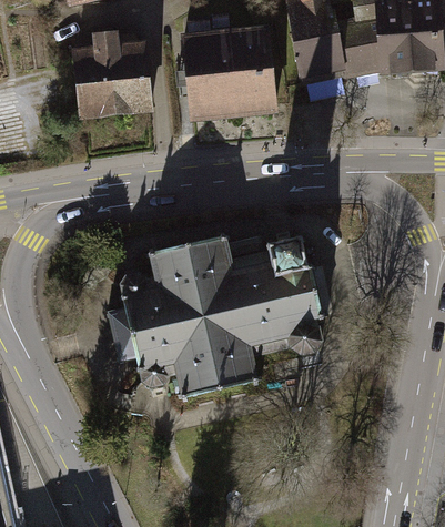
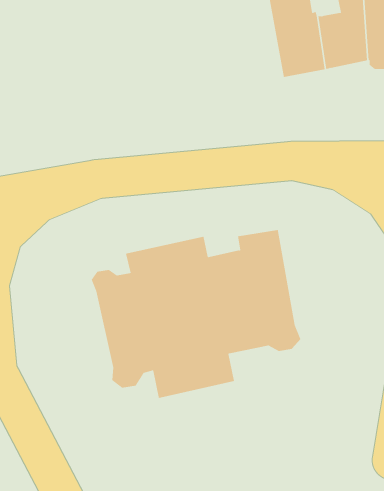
building: [71,26,155,116] -> none
building: [183,30,276,115] -> none

